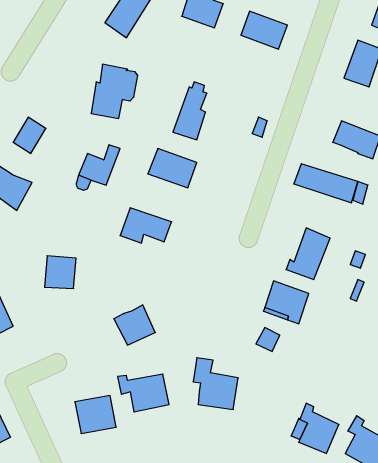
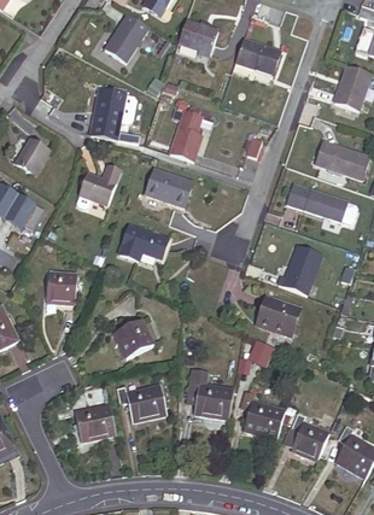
building: none -> [241,392,286,439]

